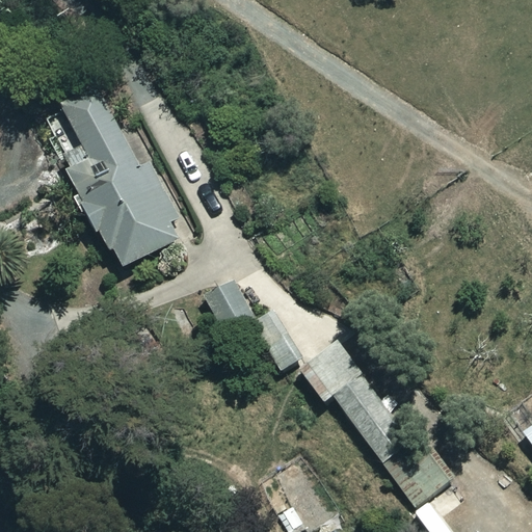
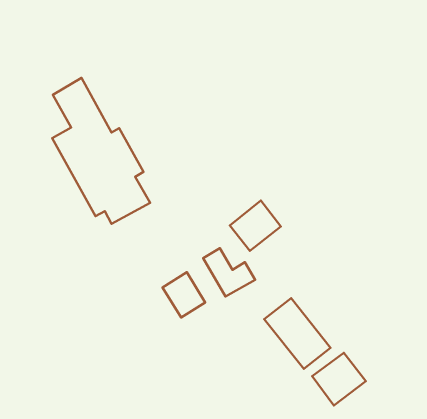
building: [202,275,255,331] -> [163,272,205,318]
building: [297,338,361,400] -> [230,200,281,251]

